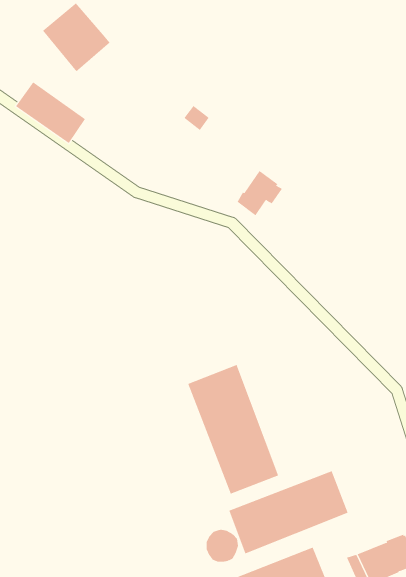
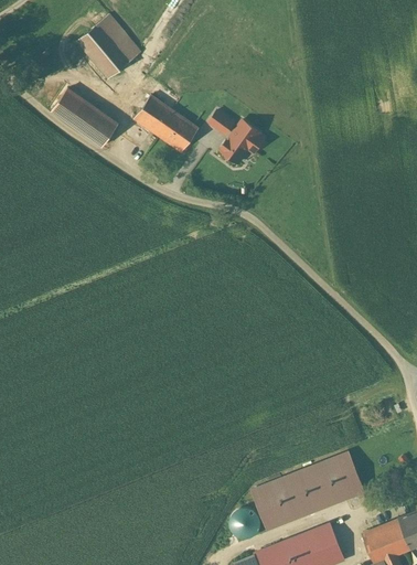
building: none -> [133,95,197,152]
building: [237,170,283,216] -> [221,120,264,163]
building: [188,364,279,495] -> none

